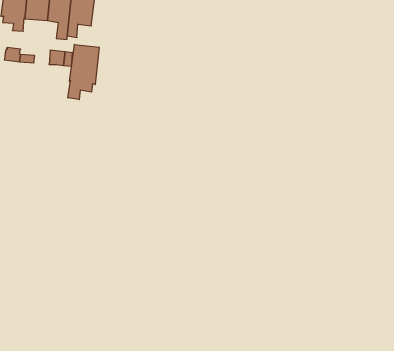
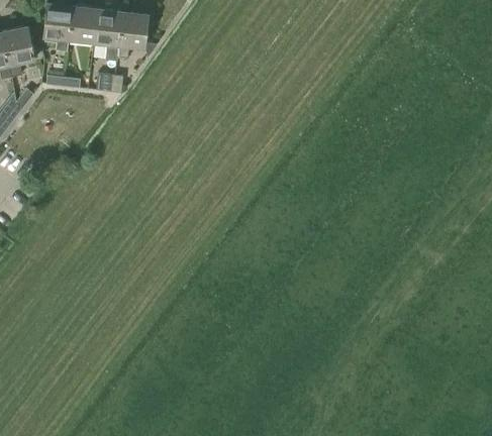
building: [68,44,99,100] -> none

